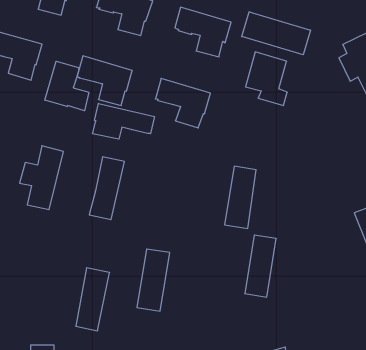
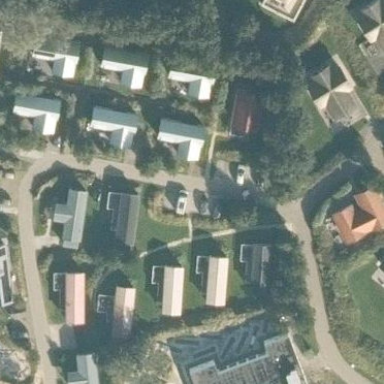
building: [242,12,311,55] -> none
building: [45,61,89,111] -> none
building: [93,103,154,139] -> none
building: [225,166,256,228] -> [203,256,225,307]
building: none -> [62,271,82,322]

